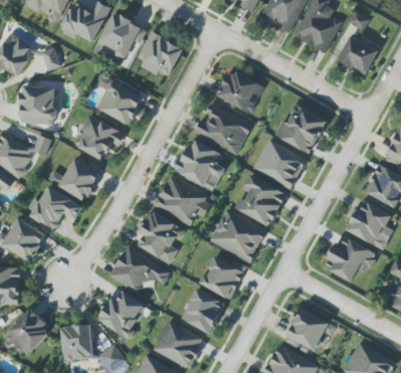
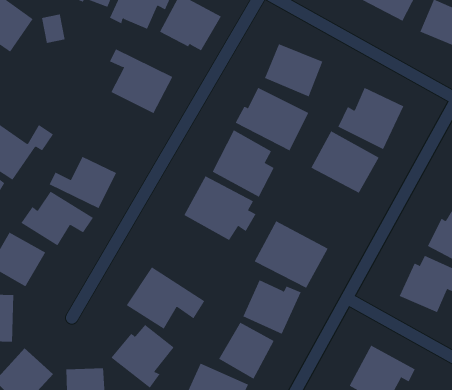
building: [20,85,57,125] -> none
building: [73,115,126,161] -> none
building: [234,175,287,226] -> none
building: [135,211,184,264] -> none

